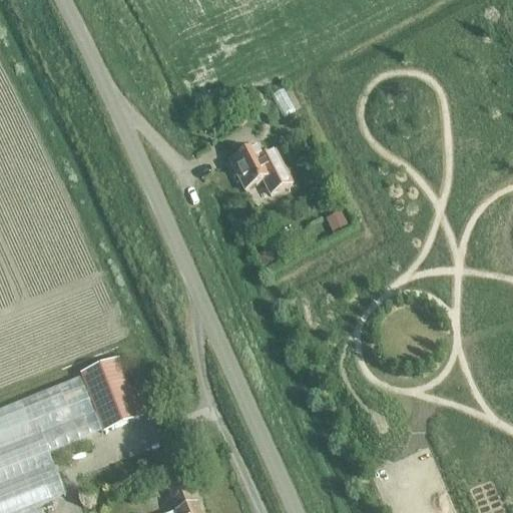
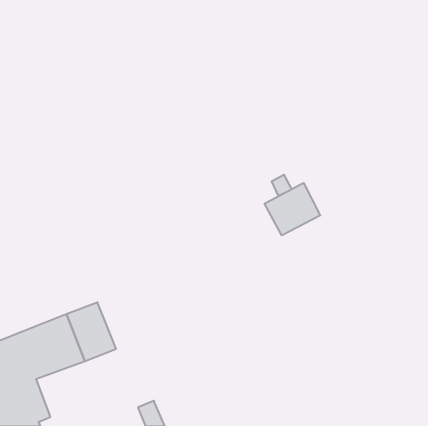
building: [227,146,293,196] -> none
building: none -> [265,183,320,235]

